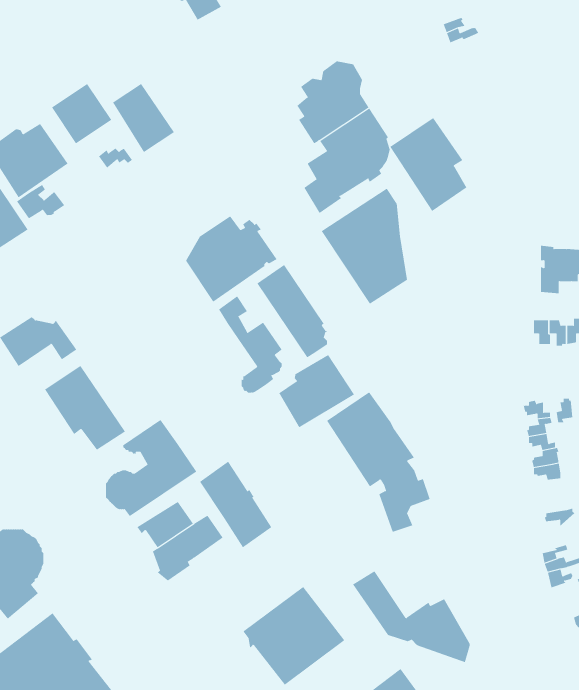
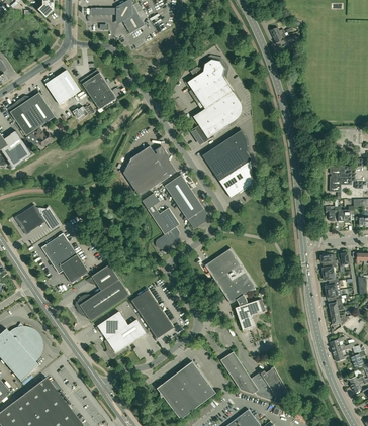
building: [390,117,467,212] -> none
building: [278,354,355,428] -> none

